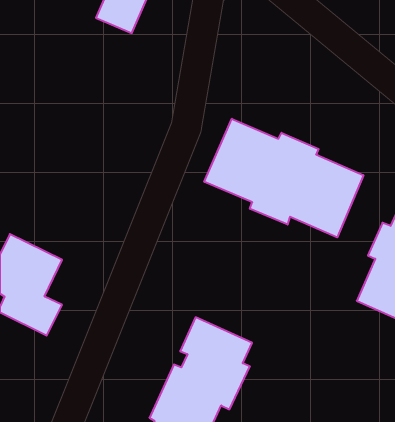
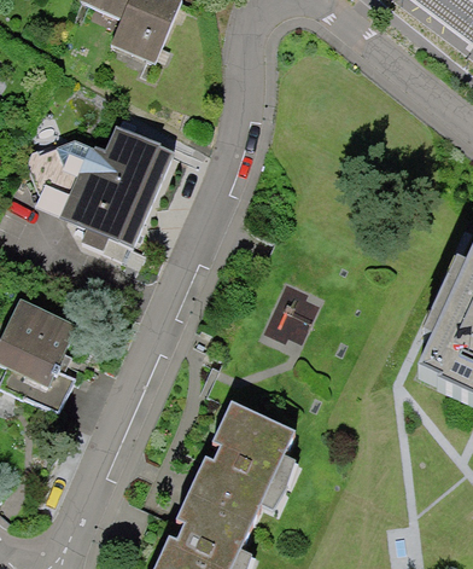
building: none -> [25,130,168,265]
building: [204,119,363,237] -> none

